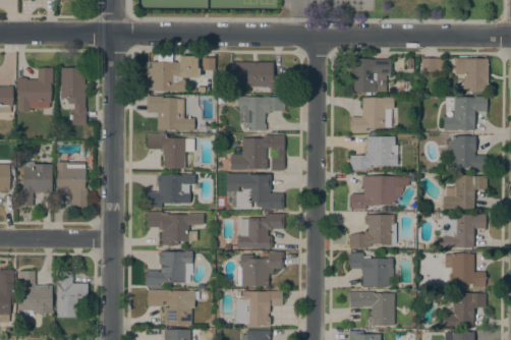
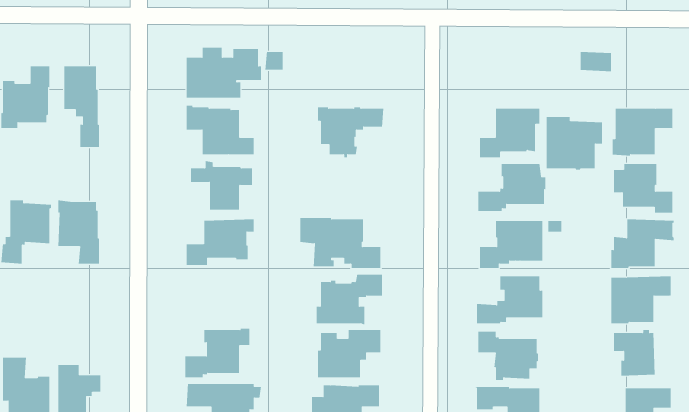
building: [351,55,391,93] -> [546,116,603,170]
building: [455,58,488,91] -> none
building: [230,61,284,92] -> none
building: [230,134,284,170] -> none
building: [147,211,204,245] -> none

